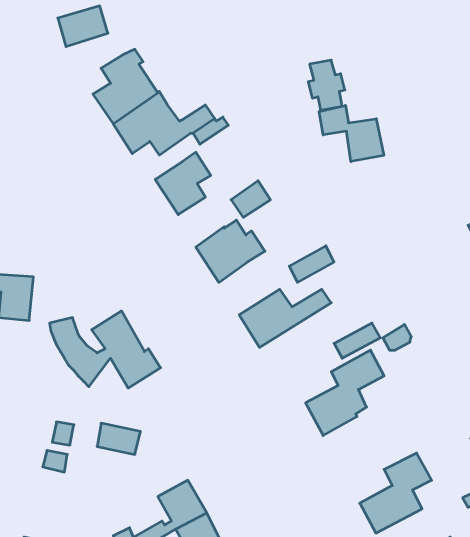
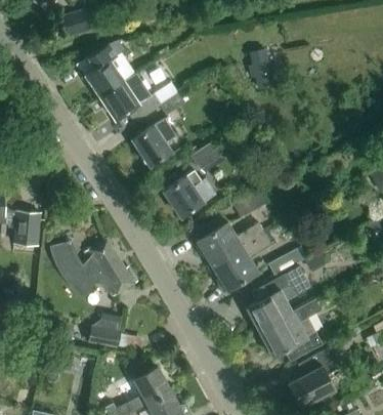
building: [319,105,384,162] -> none
building: none -> [212,234,272,292]
building: none -> [260,300,321,360]

